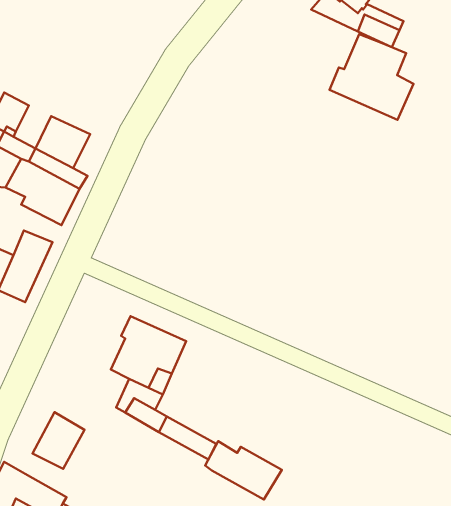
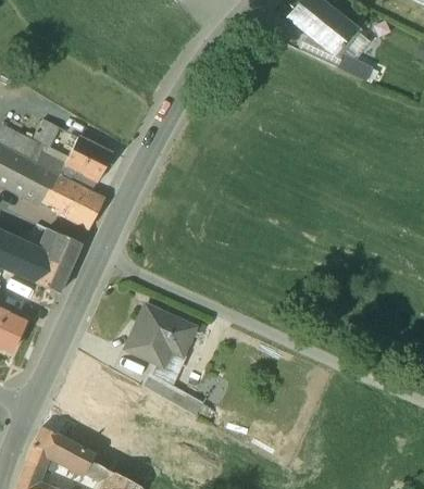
building: [329,34,414,120] -> none
building: [33,412,84,469] -> none
building: [205,441,282,499] -> none

